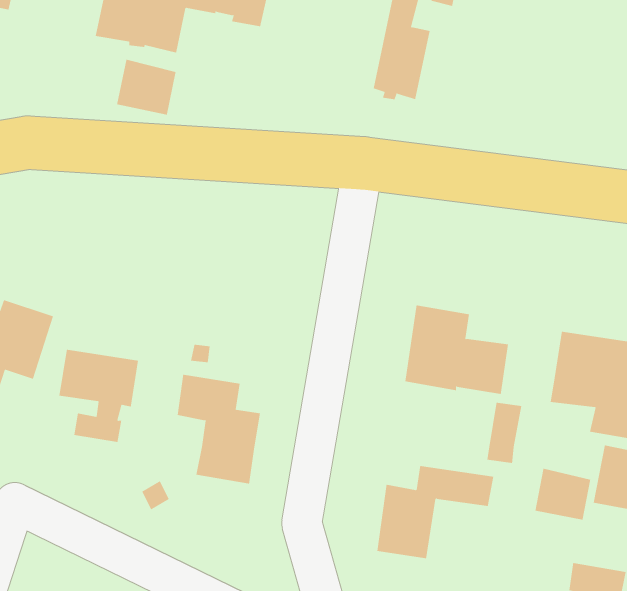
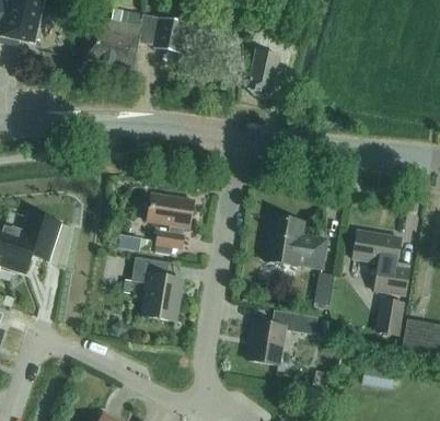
building: [116,59,176,115] -> none
building: [59,349,139,443] -> [147,194,194,248]
building: [535,468,591,520] -> none

